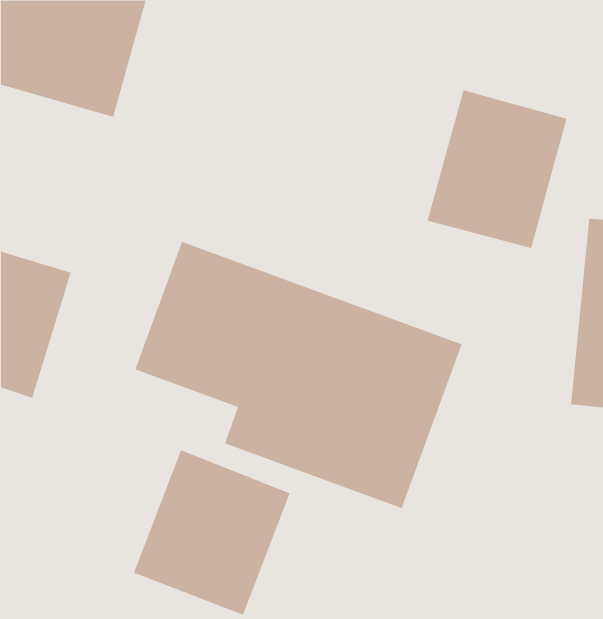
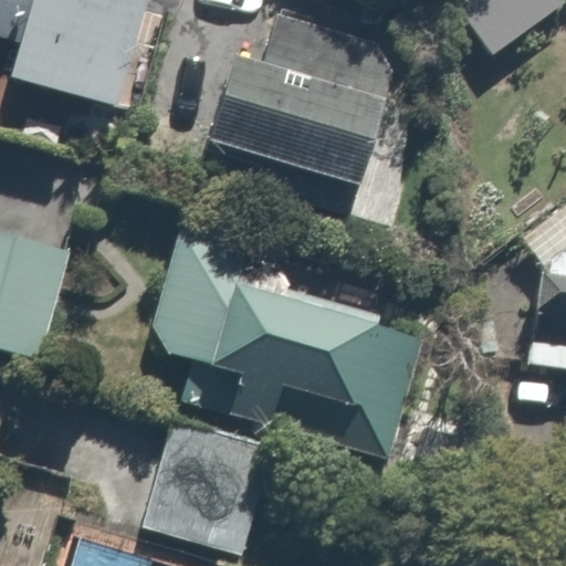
building: none -> [177,17,389,185]
building: [427,90,567,249] -> none

